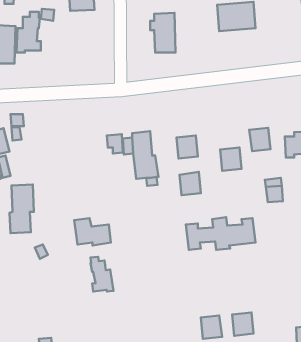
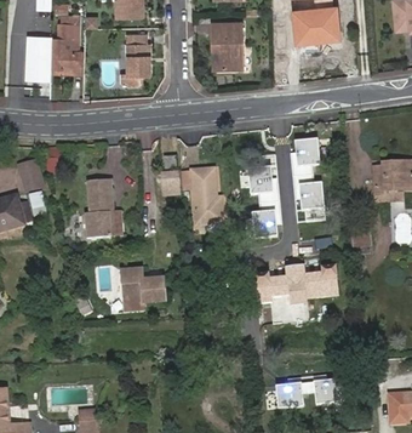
building: none -> [125,30,151,82]
building: [249,128,270,151] -> [290,138,315,166]
building: [9,185,34,233] -> [84,178,113,237]
building: [90,257,114,292] -> none

